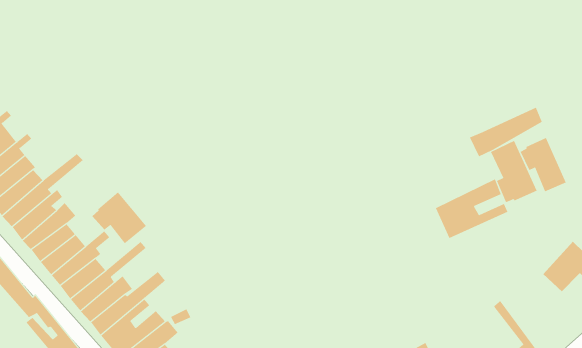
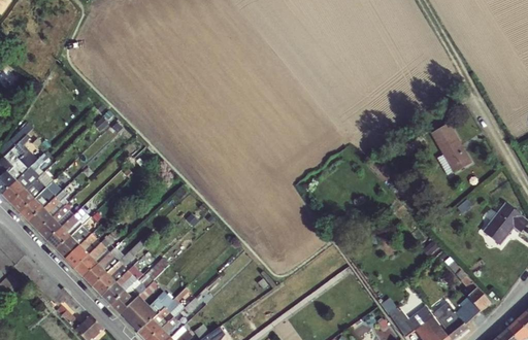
building: [469,107,542,157] -> none
building: [520,137,567,192] -> none
building: [435,179,508,239] -> none
building: [92,192,147,244] -> none

